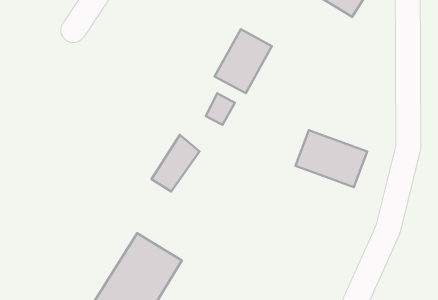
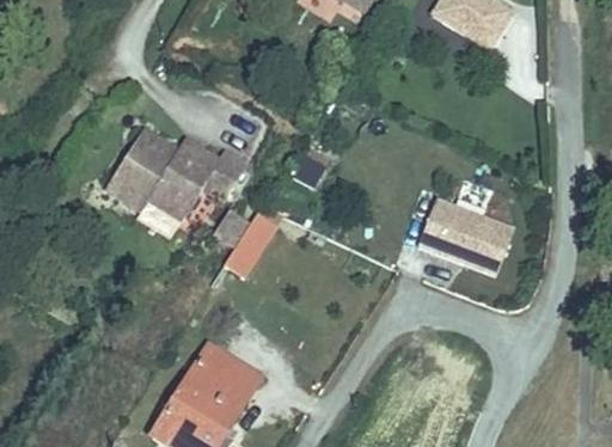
building: [215,29,272,93] -> none
building: none -> [108,128,249,221]

